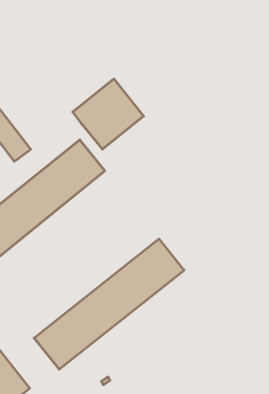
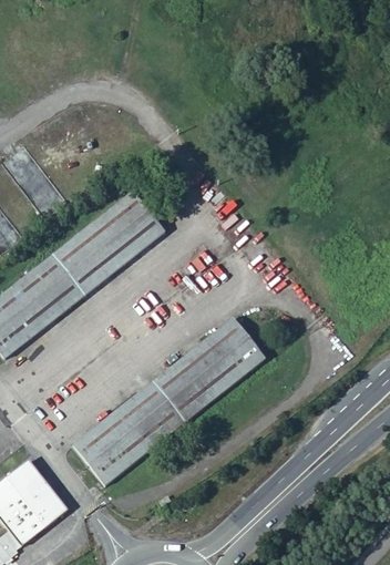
building: [73,79,144,149] -> none

